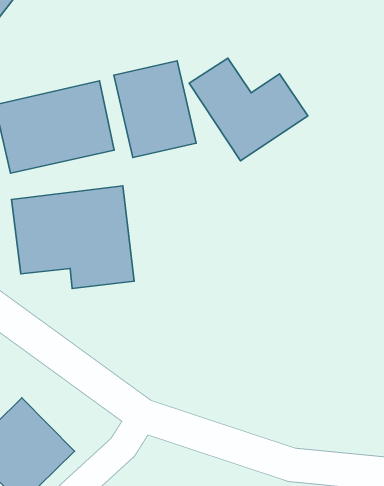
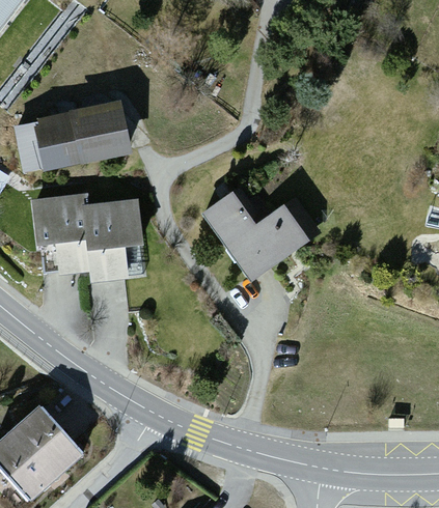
building: [189,58,308,161] -> [195,184,312,285]
building: [114,61,196,158] -> none

